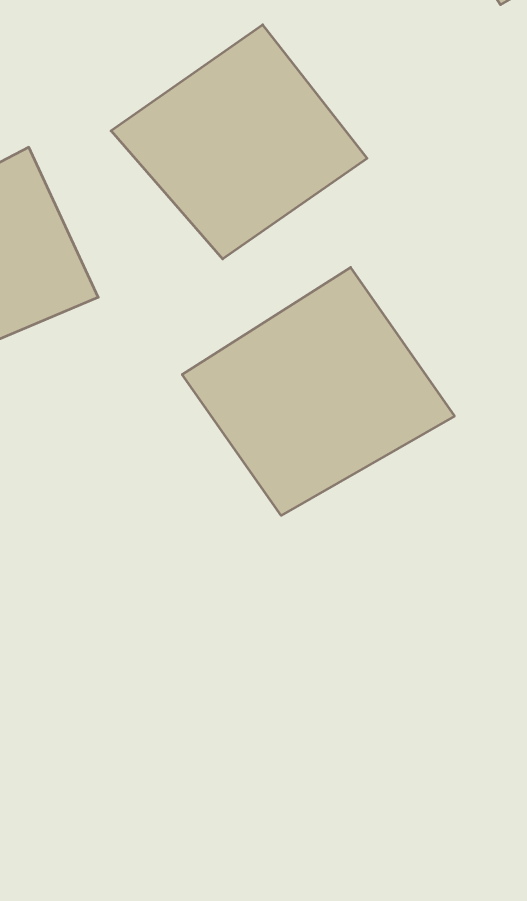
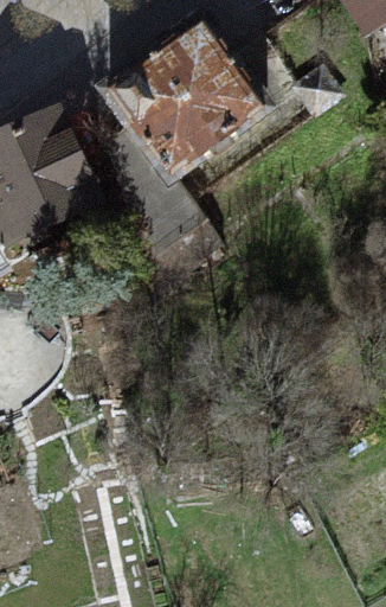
building: [182,267,454,515] -> none

